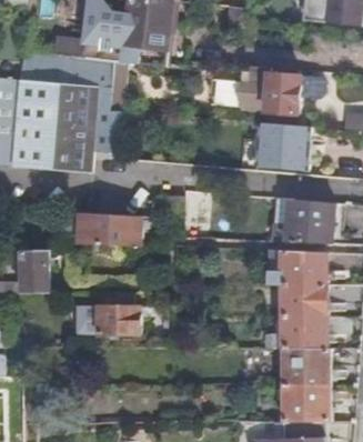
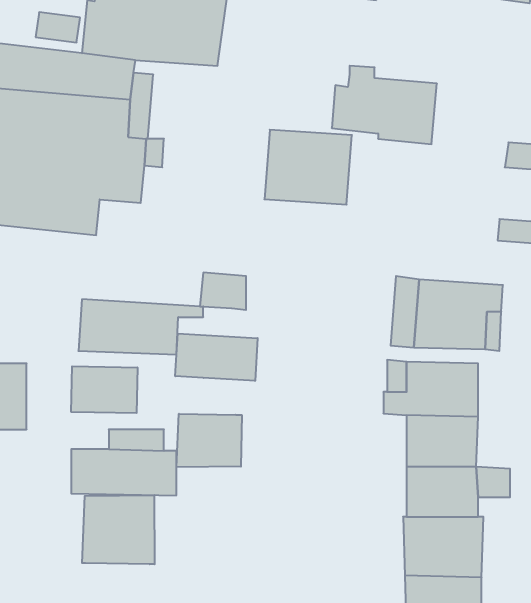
building: [255,123,310,170] -> [264,130,352,205]
building: none -> [175,333,258,381]
building: none -> [71,366,137,413]
building: none -> [176,414,242,467]
building: none -> [82,495,155,564]

